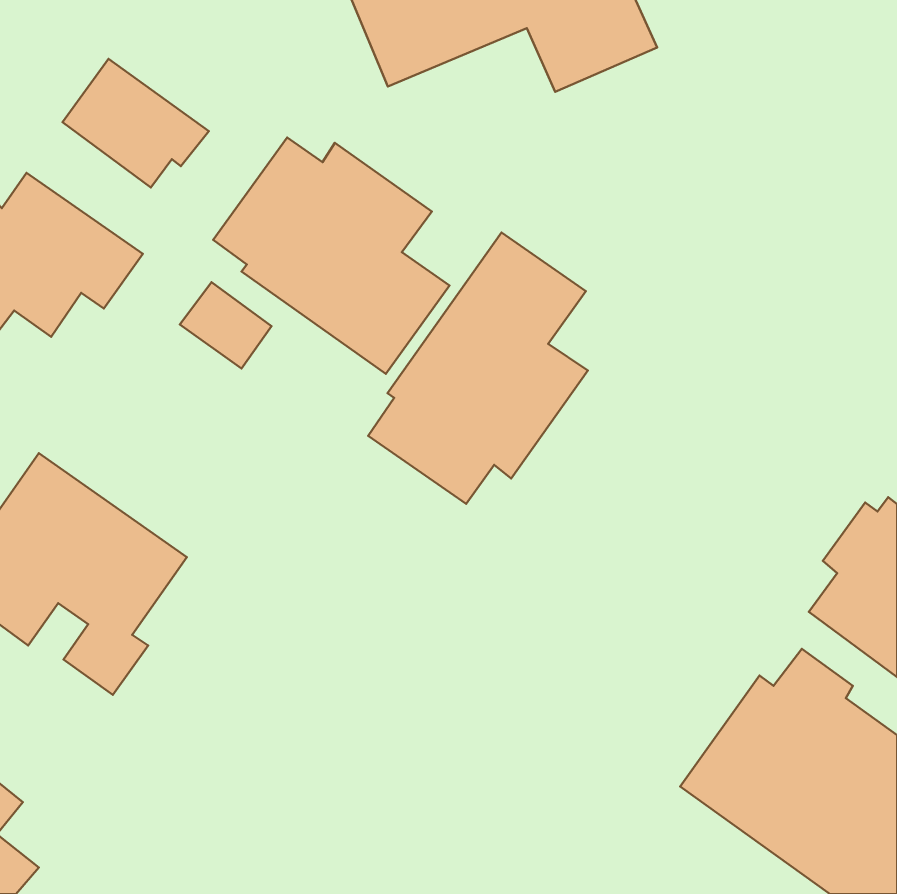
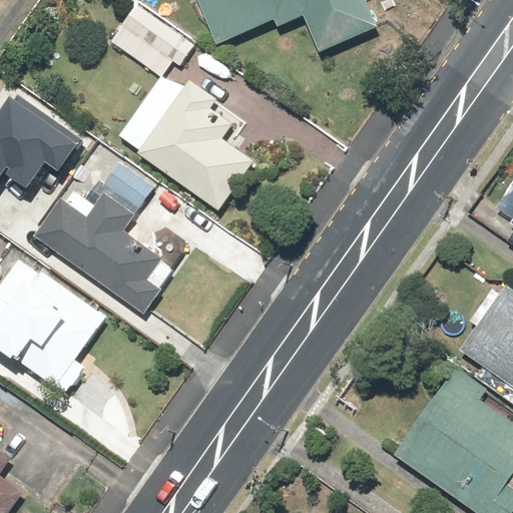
building: [63,59,209,187] -> [111,4,194,77]
building: [368,232,588,504] -> none
building: none -> [36,187,176,314]

